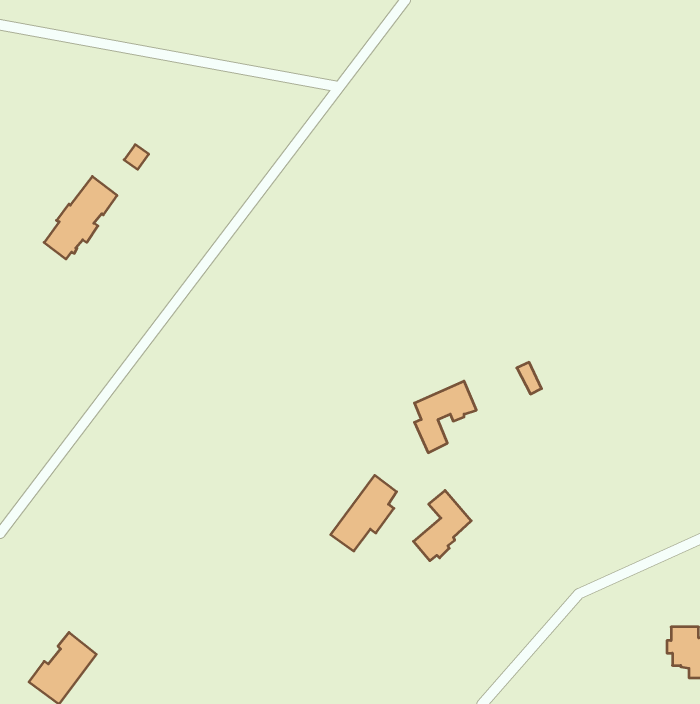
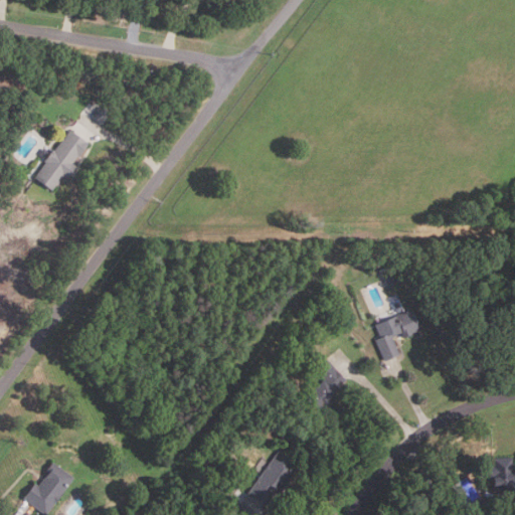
building: [414,381,476,453] -> [376,309,421,361]
building: [331,475,397,551] -> [248,450,297,505]

